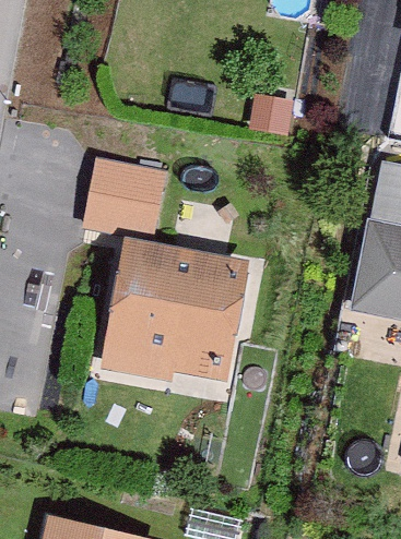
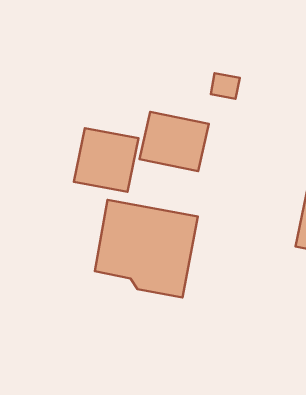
building: none -> [139,112,209,171]

